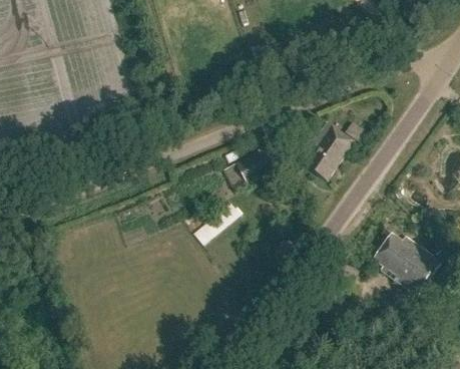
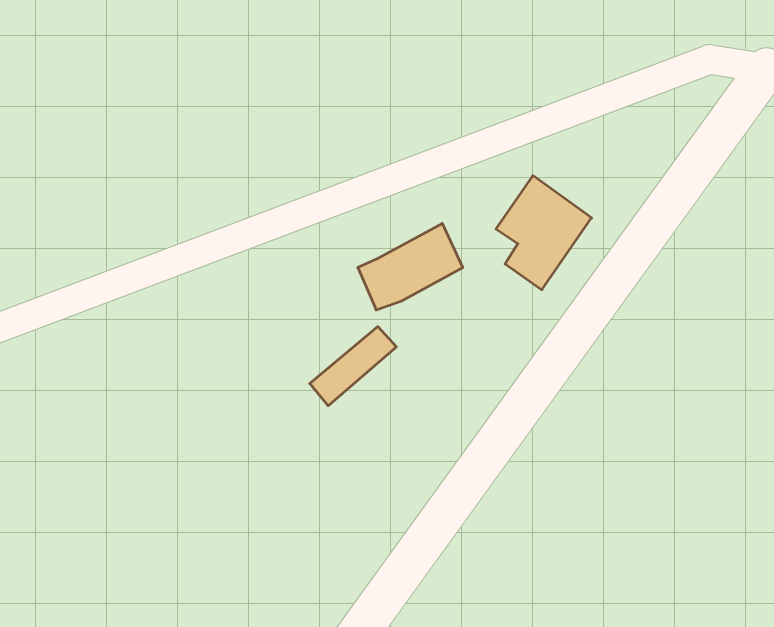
building: [376,235,443,298] -> none

